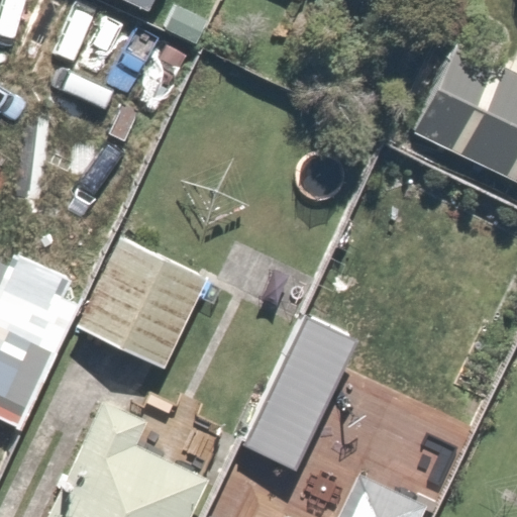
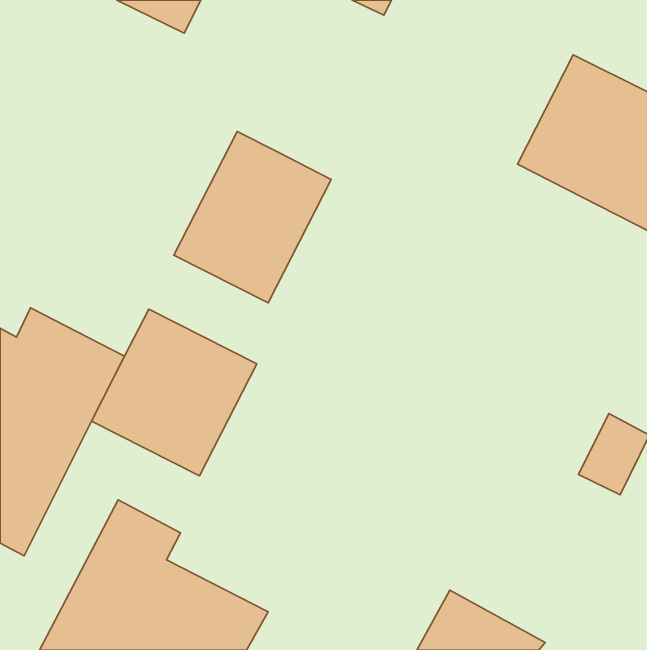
building: none -> [174,132,331,303]
building: [238,309,358,472] -> none

